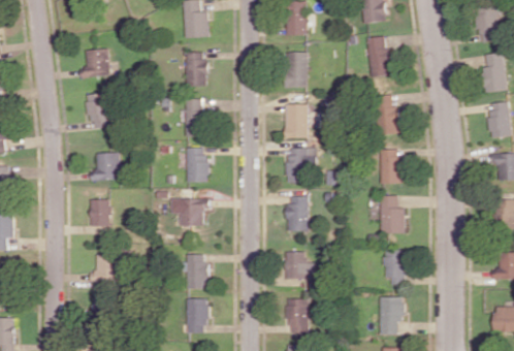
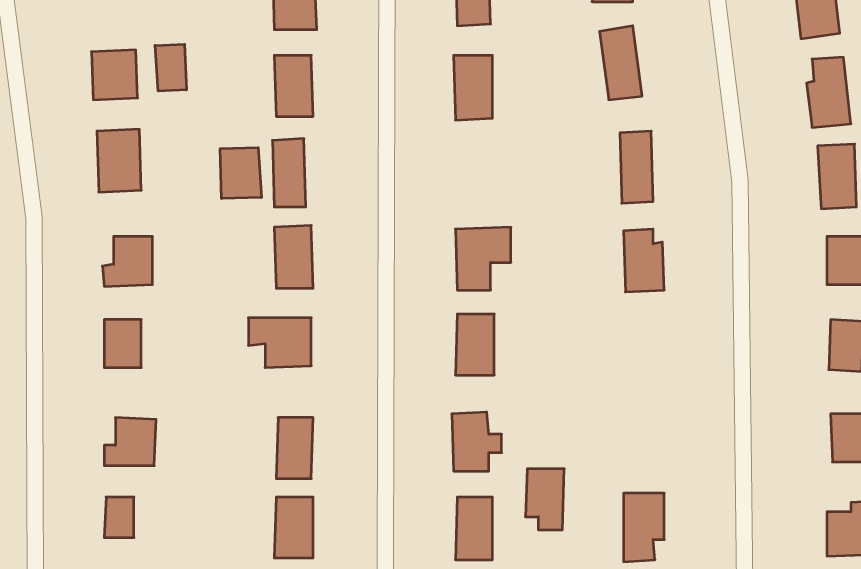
building: none -> [155,44,186,91]
building: none -> [220,148,261,199]
building: [286,105,308,138] -> none
building: [380,196,405,234] -> none
building: [384,251,406,285] -> [525,469,564,530]

